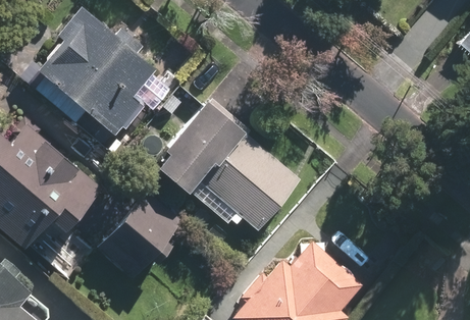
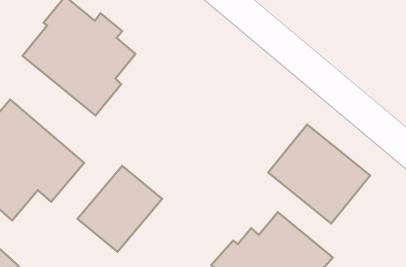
building: [154,98,301,232] -> none
building: none -> [268,125,370,223]

